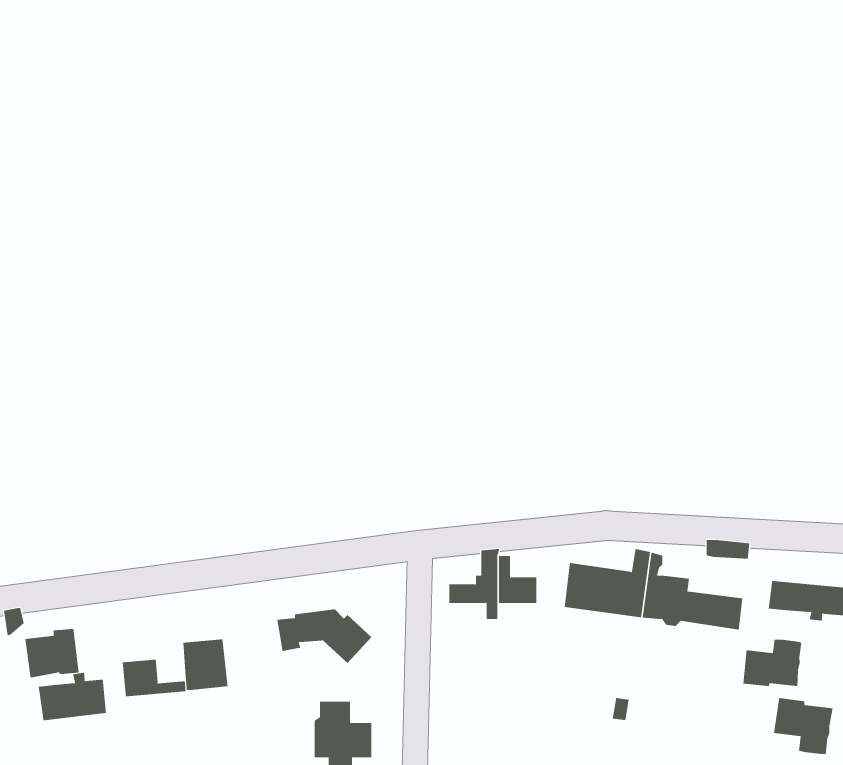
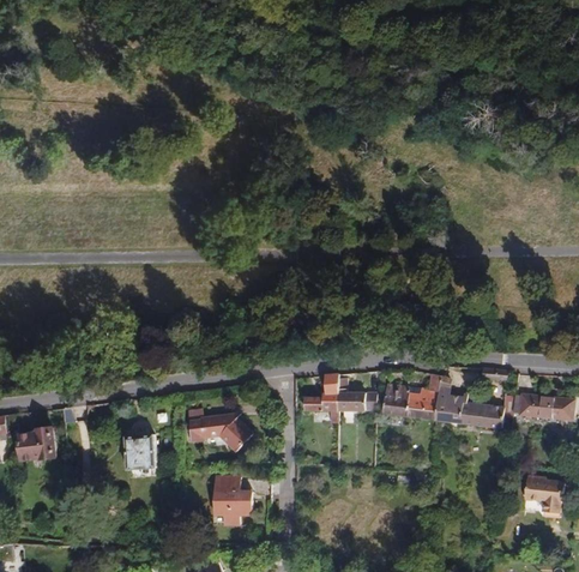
building: [743,639,802,687] -> none
building: [122,659,186,697] -> none
building: [38,672,107,721] -> none

